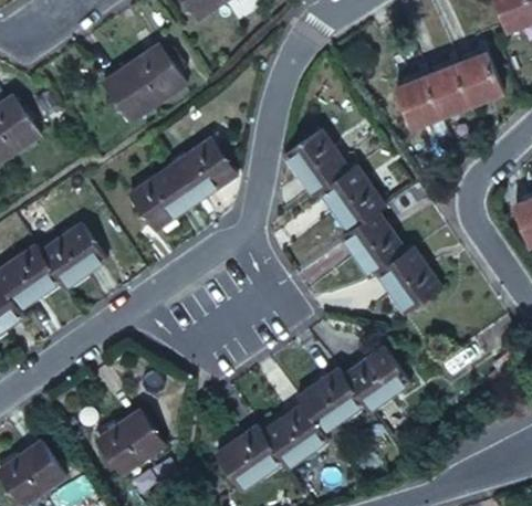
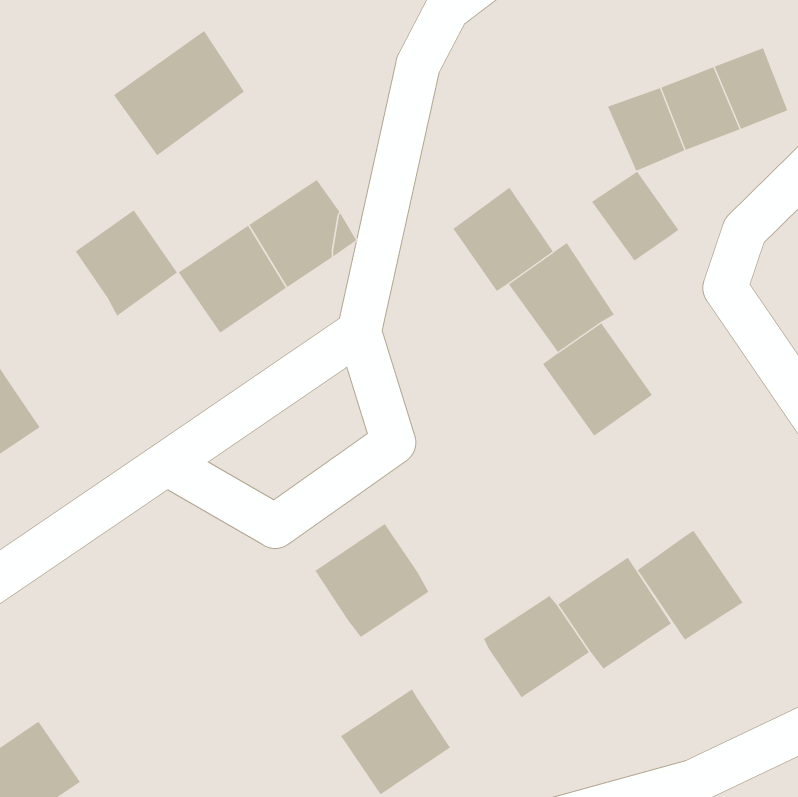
building: none -> [591,171,679,262]
building: [36,224,96,286] -> [75,210,178,316]
building: [384,253,446,317] -> [637,530,744,641]
building: [274,405,341,472] -> [315,523,429,638]
building: [113,413,177,476] -> none

